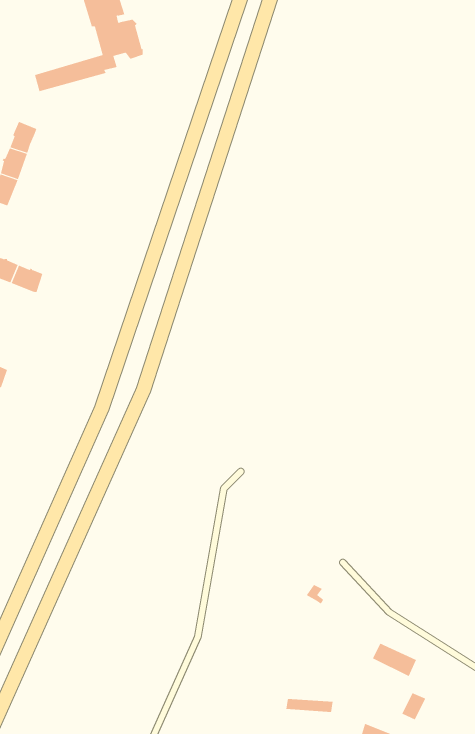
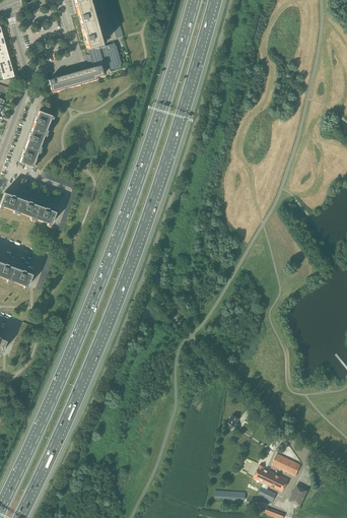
building: none -> [254,464,287,501]

